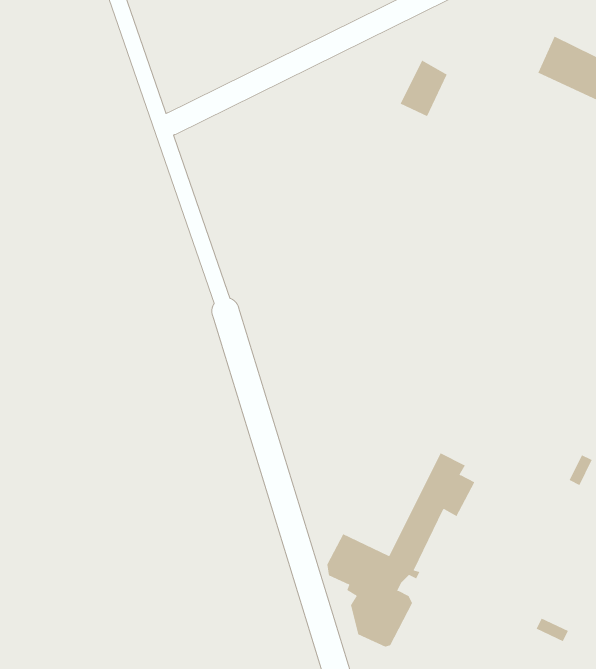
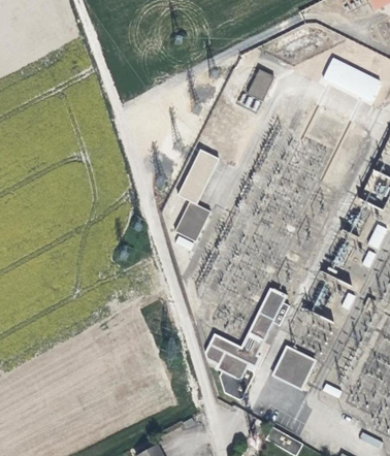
building: none -> [174,150,218,240]
building: none -> [272,347,314,388]

